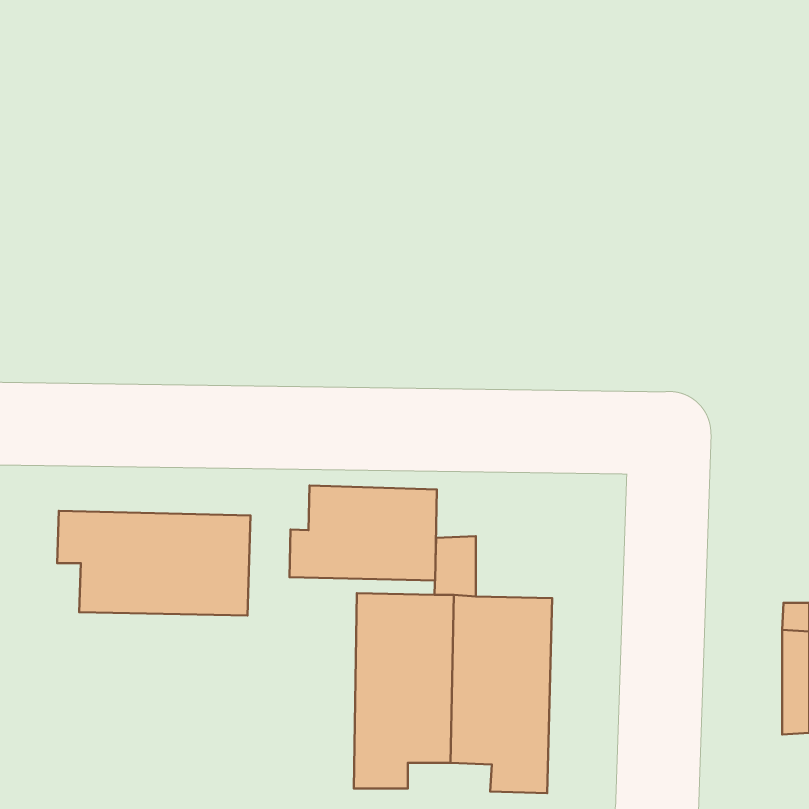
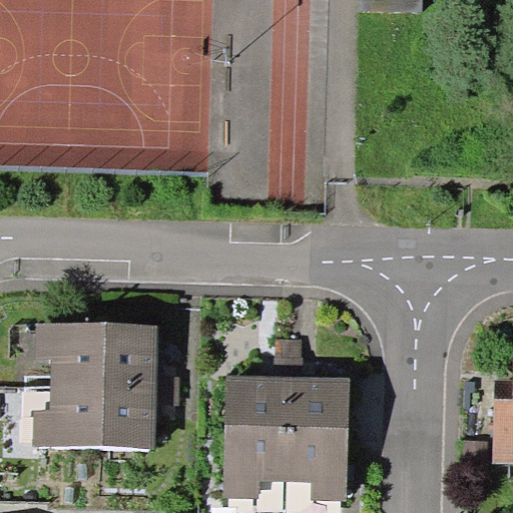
building: [290,486,437,581] -> none
building: none -> [32,388,156,450]

